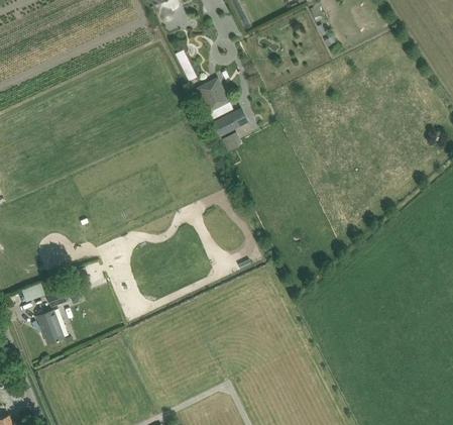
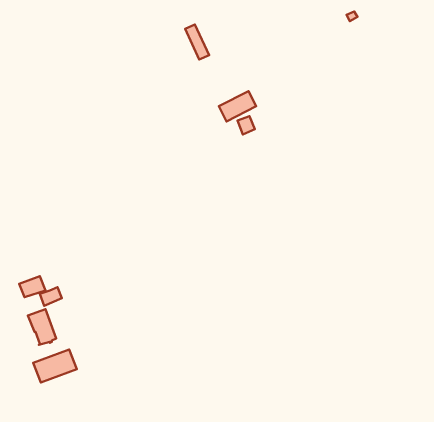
building: [199,84,225,110] -> none
building: none -> [33,349,77,383]

